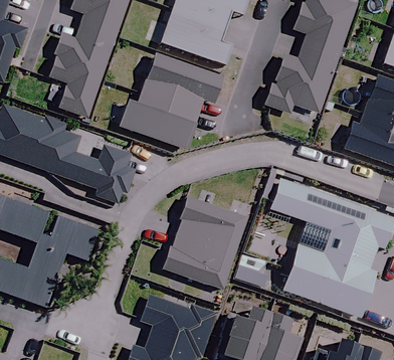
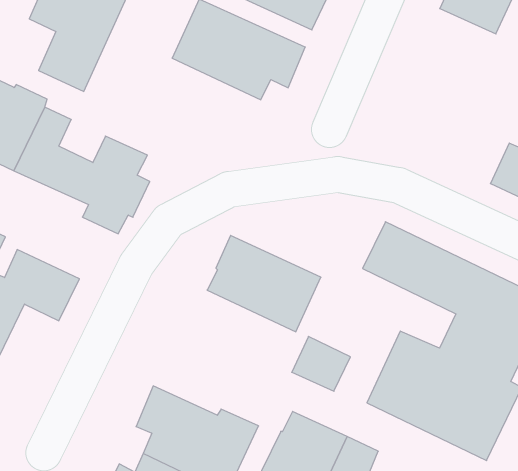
building: [264,43,339,112] -> none
building: [120,91,198,148] -> none
building: [162,231,234,289] -> none

